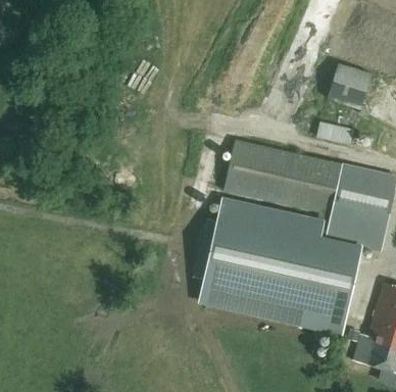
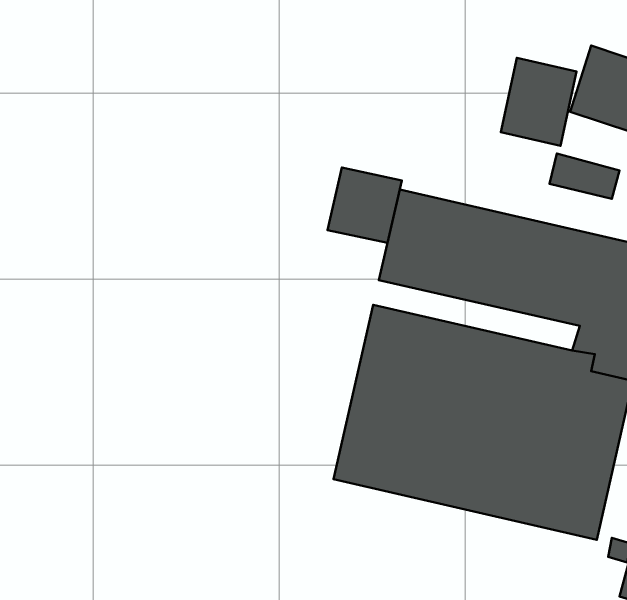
building: none -> [501,58,577,146]
building: none -> [327,168,402,243]

